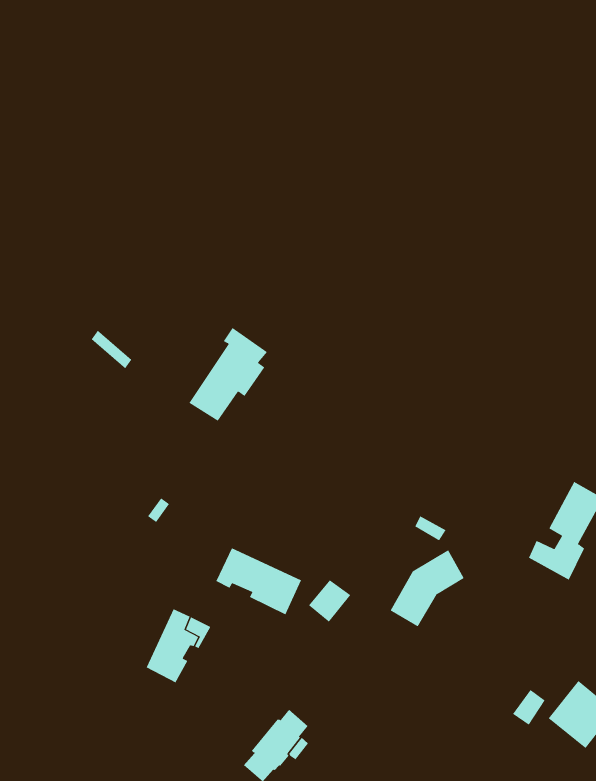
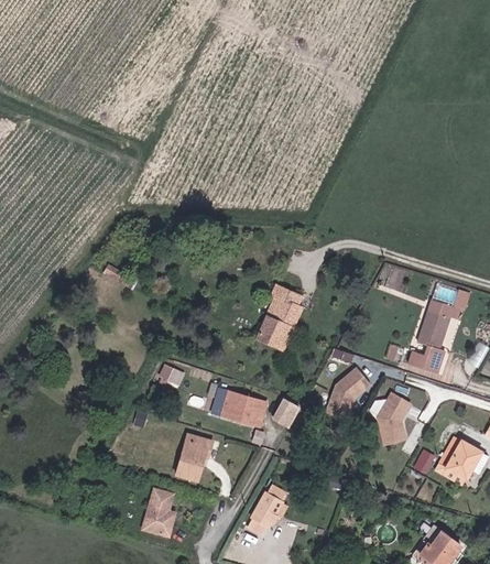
building: [188,327,268,422] -> [257,285,302,347]
building: none -> [378,393,410,444]
building: none -> [143,489,174,536]

